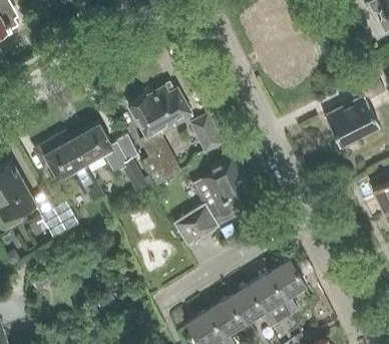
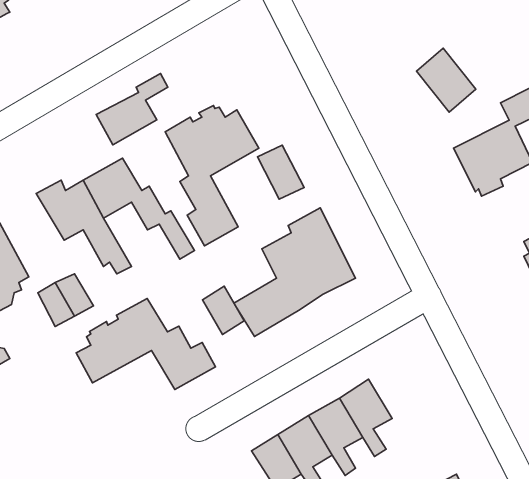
building: none -> [416,48,476,112]
building: none -> [96,73,168,145]
building: none -> [202,286,244,334]
building: none -> [76,299,215,390]
building: [267,261,307,315] -> none

